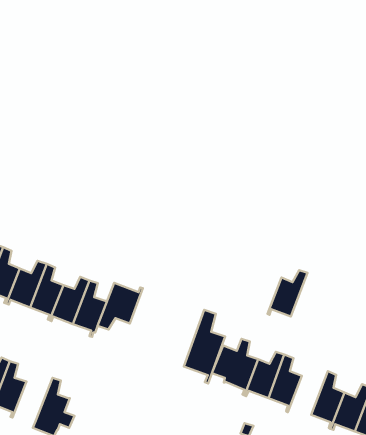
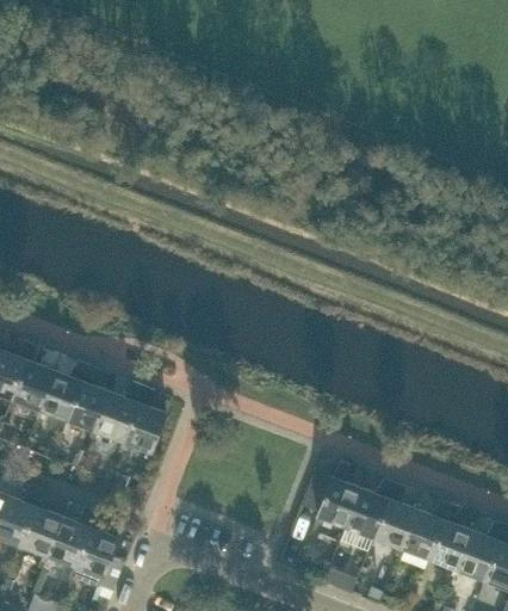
building: [268,270,307,317] -> [399,501,451,561]
building: [98,283,143,330] -> none
building: [184,310,225,384] -> none
building: none -> [45,508,97,568]

